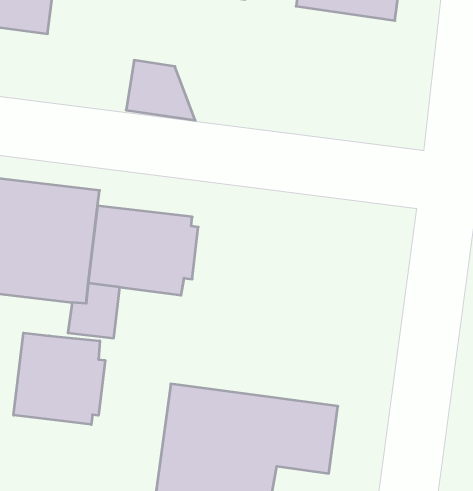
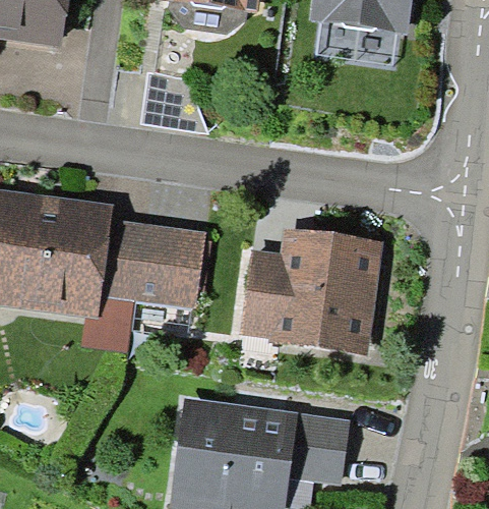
building: none -> [238,226,383,353]
building: [14,333,105,425] -> none

